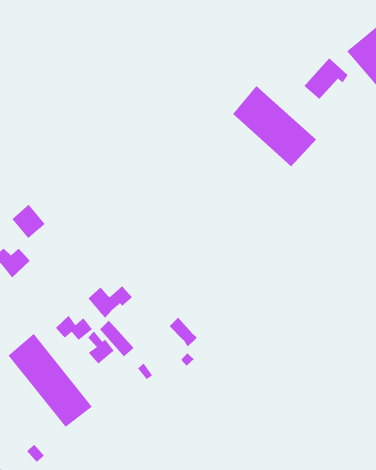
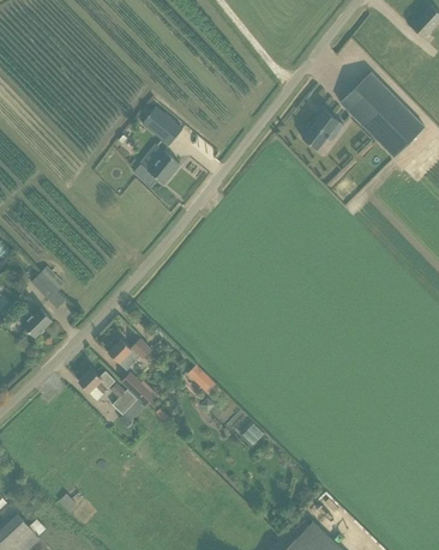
building: none -> [142,107,182,145]
building: [232,85,317,167] -> none
building: none -> [148,151,180,183]
building: [8,333,93,428] -> none

